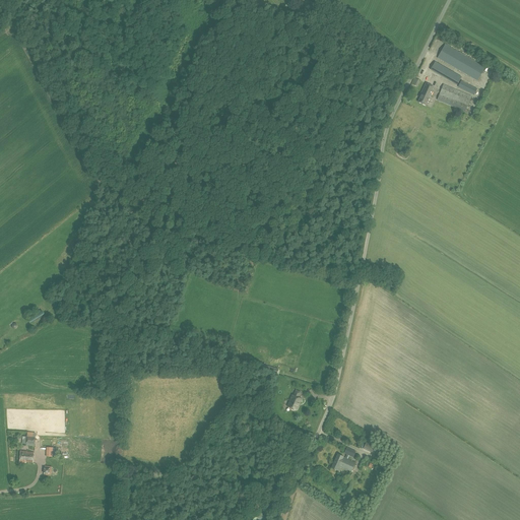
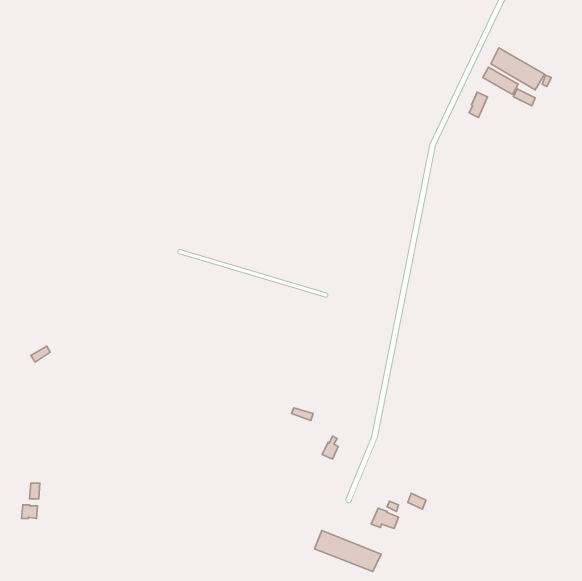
building: [437,83,471,111] -> none
building: none -> [314,530,381,572]

